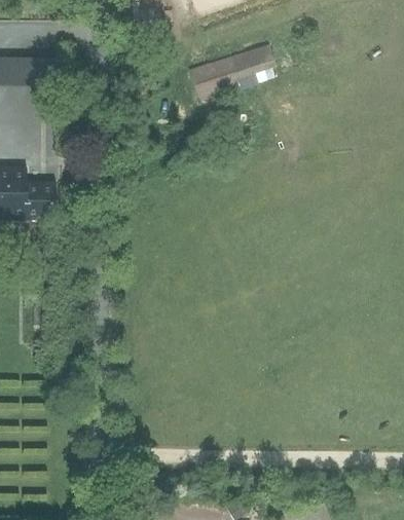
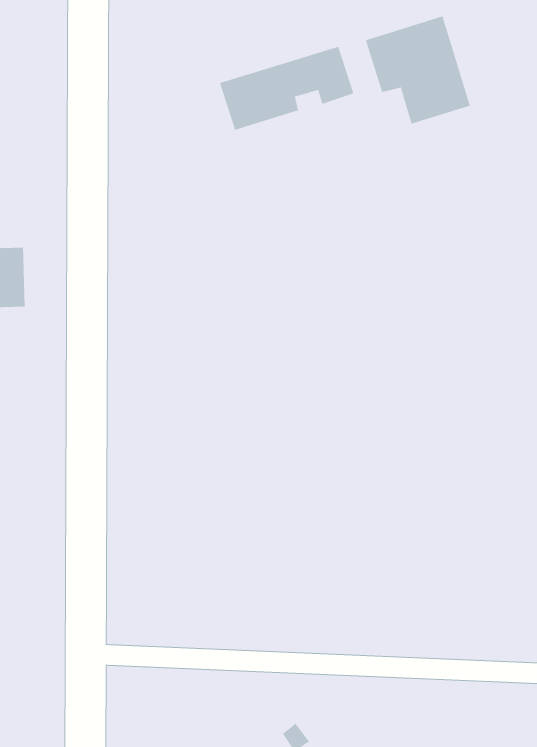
building: none -> [365,16,471,124]

